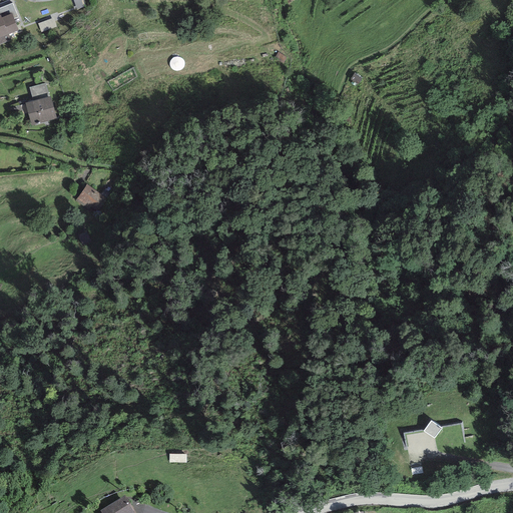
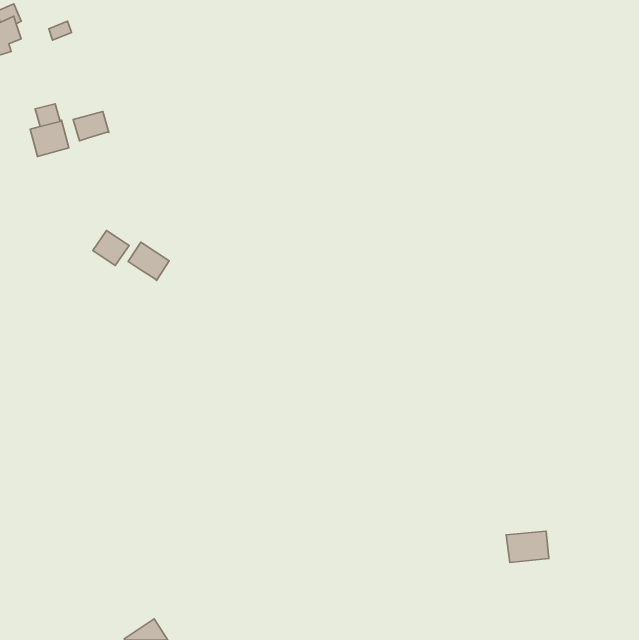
building: none -> [73,111,109,141]
building: none -> [128,242,169,280]

